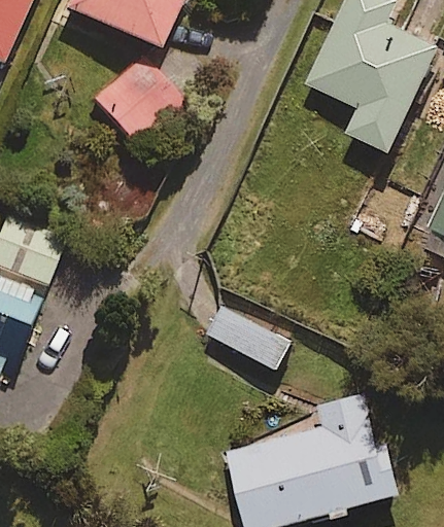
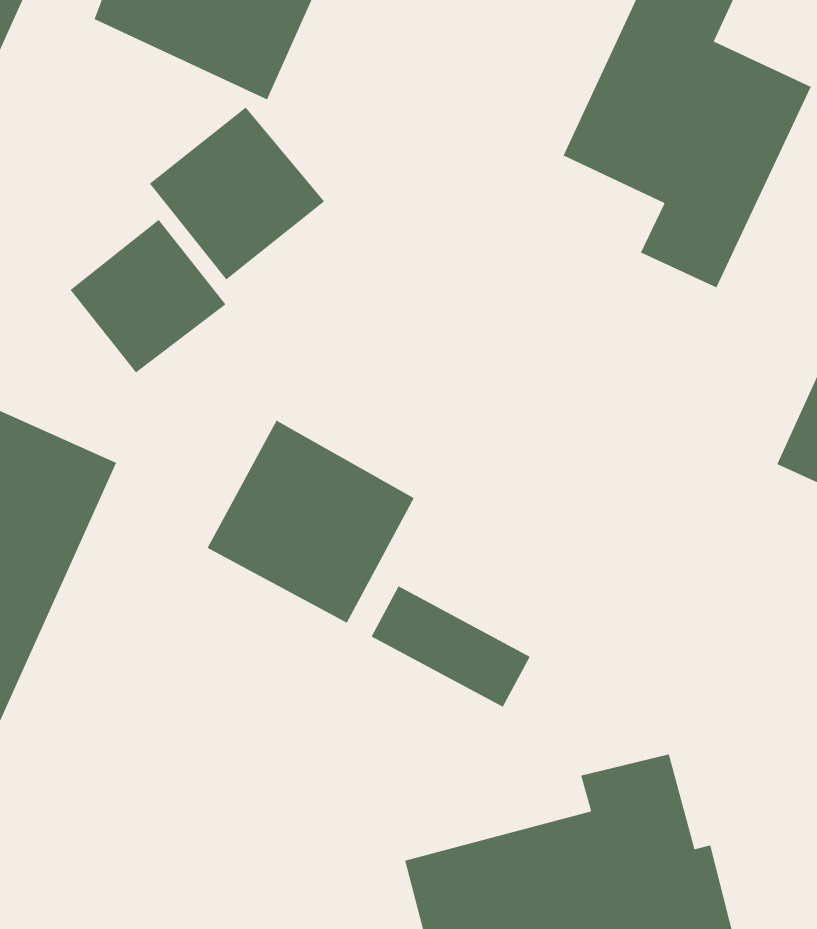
building: none -> [69,219,227,374]
building: none -> [207,420,415,624]

